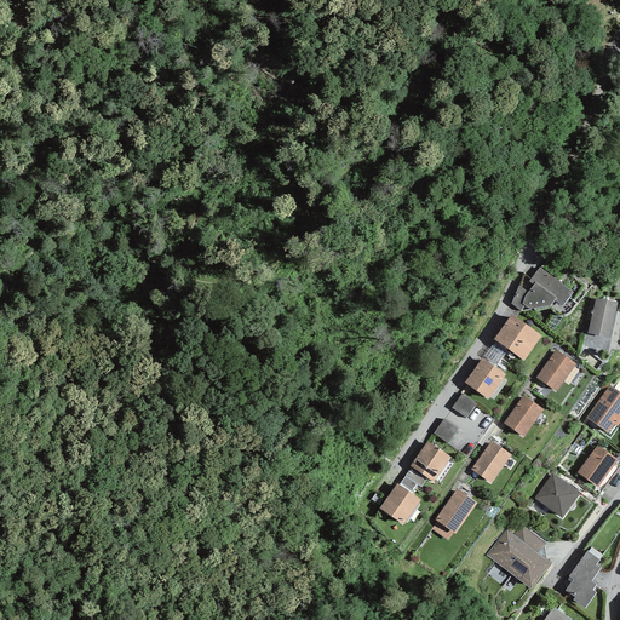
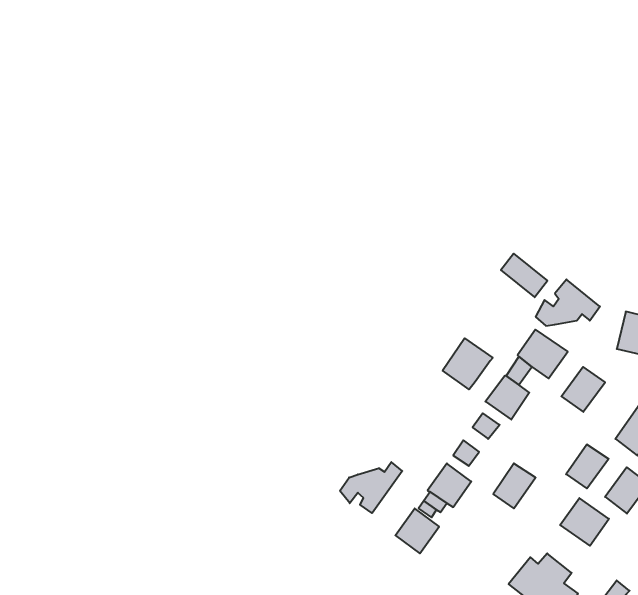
building: none -> [501,254,547,297]
building: none -> [443,338,493,389]
building: [504,395,544,436] -> [566,445,609,488]
building: none -> [340,462,402,513]
building: [431,488,477,539] -> none

